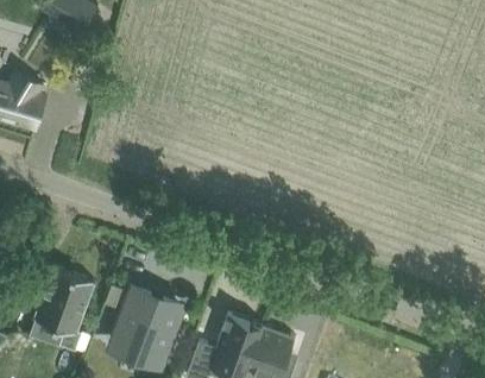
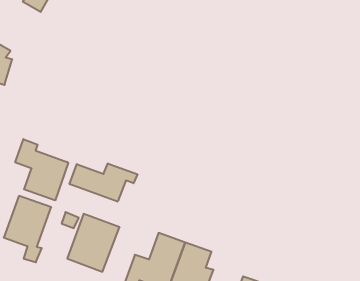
building: none -> [15,139,68,200]
building: none -> [70,163,137,202]

